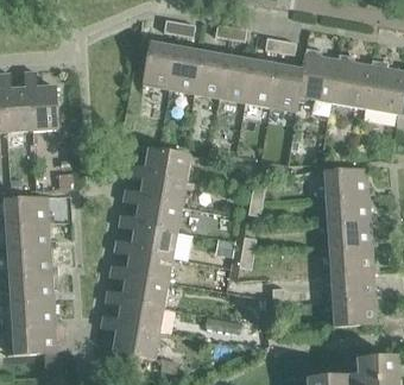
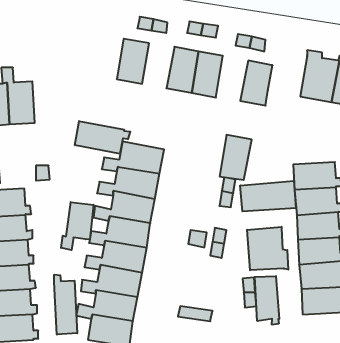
building: [169,46,202,93] -> none
building: [298,48,339,101] -> none
building: [245,59,278,106] -> [220,135,252,180]
building: none -> [75,121,130,154]
building: none -> [240,181,296,211]
building: none -> [61,202,93,250]
building: none -> [247,227,288,270]
building: none -> [54,275,77,335]
building: none -> [255,276,279,325]

